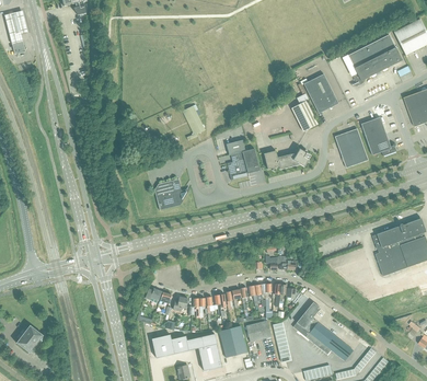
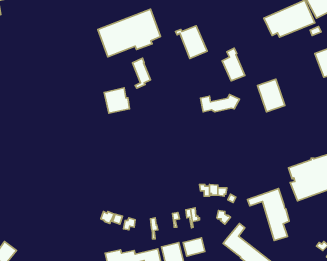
building: none -> [98,9,160,57]
building: [301,72,339,112] -> [175,26,207,59]
building: [361,116,396,155] -> none
building: [228,138,261,178] -> none
building: [155,177,186,208] -> [104,88,130,113]
building: none -> [248,189,289,240]

